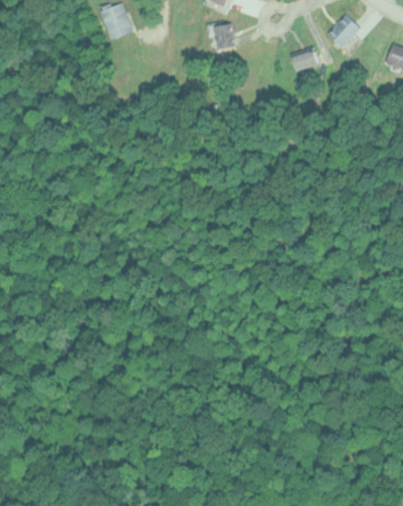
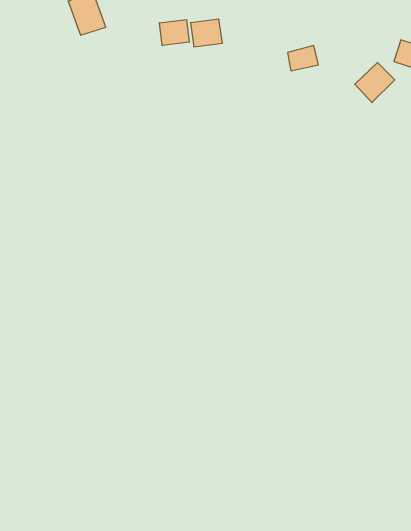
building: [326,13,361,48] -> [355,63,395,103]
building: none -> [159,20,189,46]

